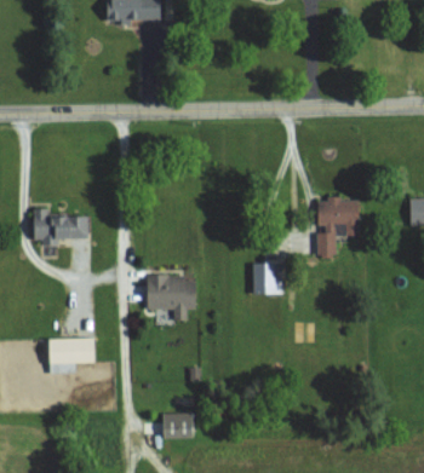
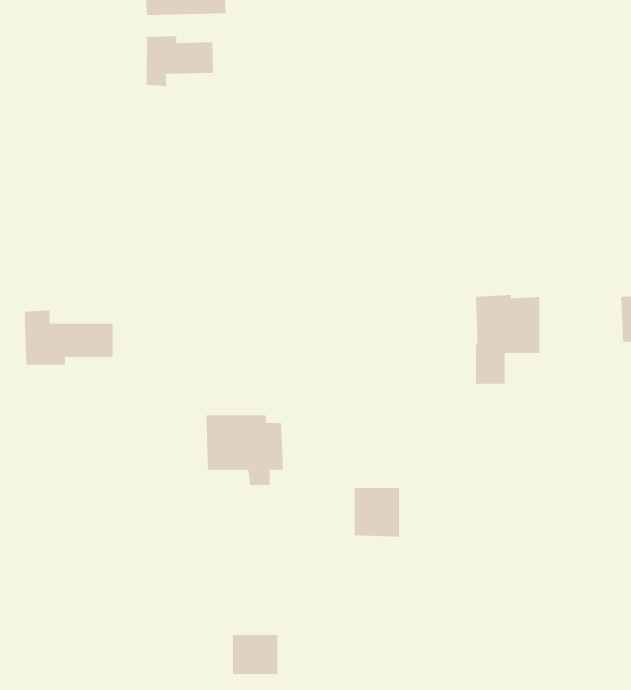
building: none -> [146,35,214,87]
building: [253,263,282,294] -> [354,488,400,537]
building: [48,338,94,374] -> none

